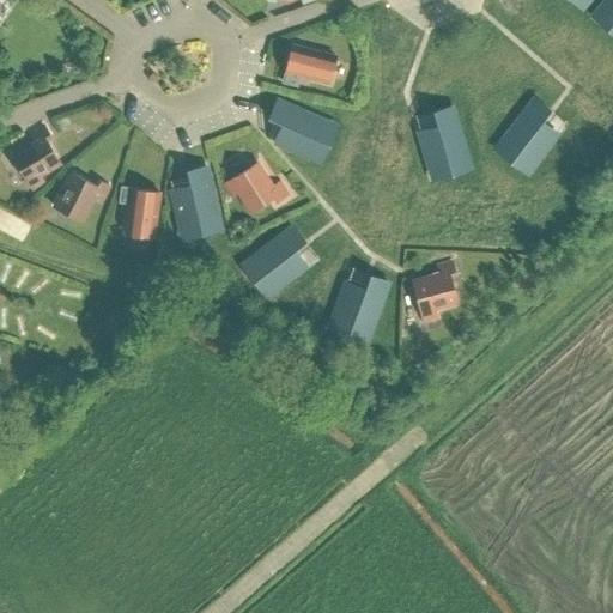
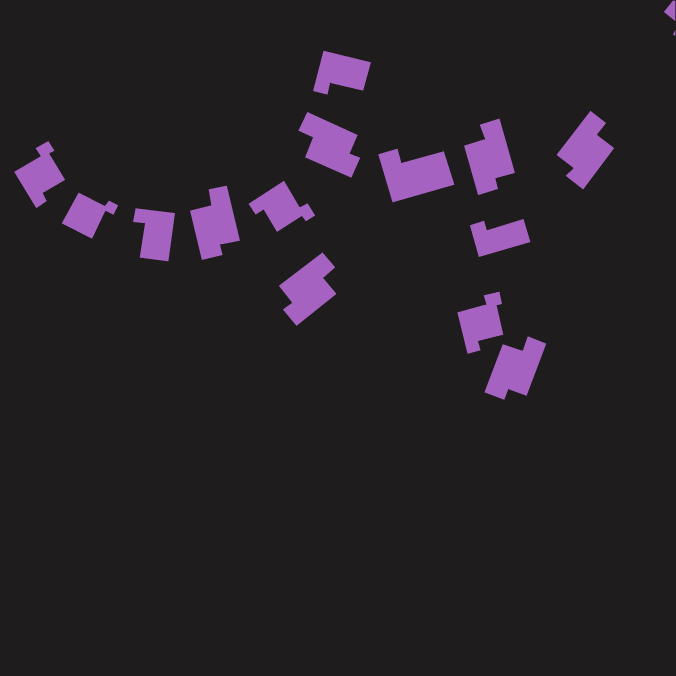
building: none -> [378,148,455,203]
building: none -> [469,218,531,258]
building: [330,275,388,334] -> [484,336,547,400]

